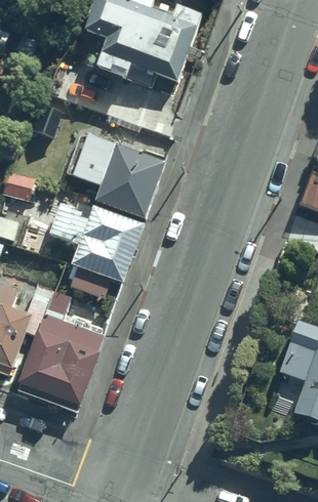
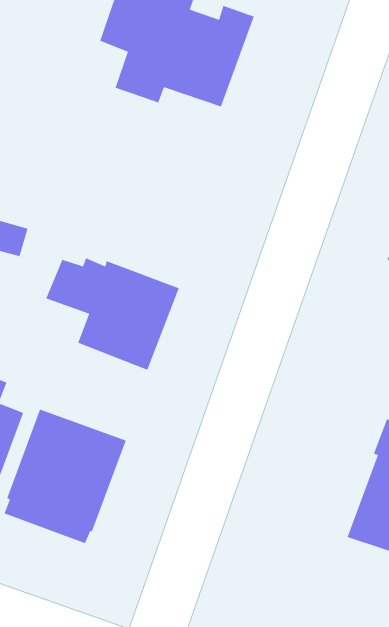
building: [74,133,165,217] -> none

